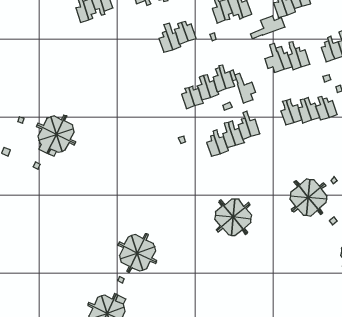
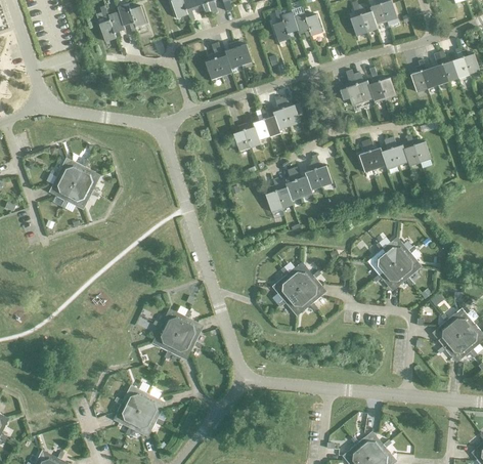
building: [251,16,285,39] -> none
building: [235,73,255,103] -> none

